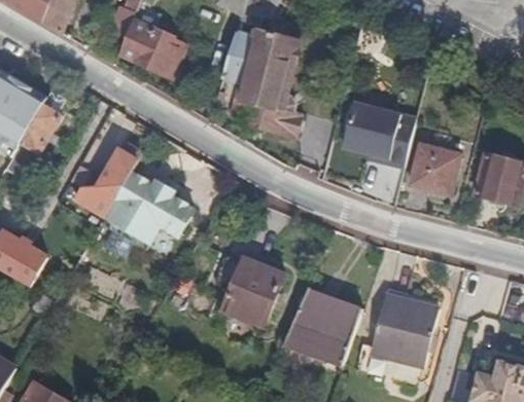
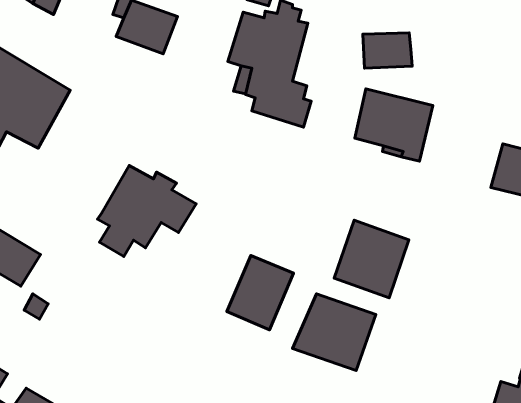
building: none -> [363,33,412,68]
building: [74,141,142,217] -> none
building: [410,143,458,193] -> none
building: [365,296,435,369] -> [334,220,409,298]

